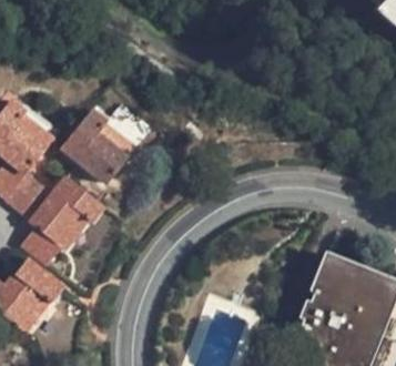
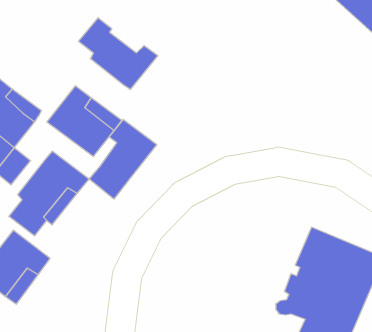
building: none -> [79,18,158,90]
building: none -> [89,119,157,199]

